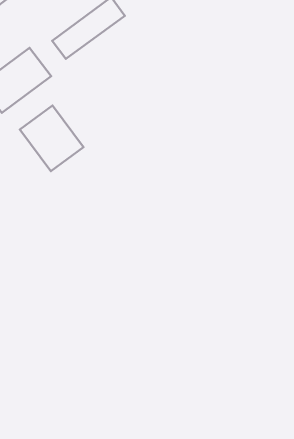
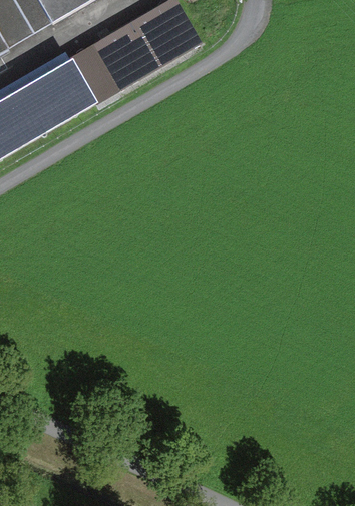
building: [20,106,84,171] -> none

